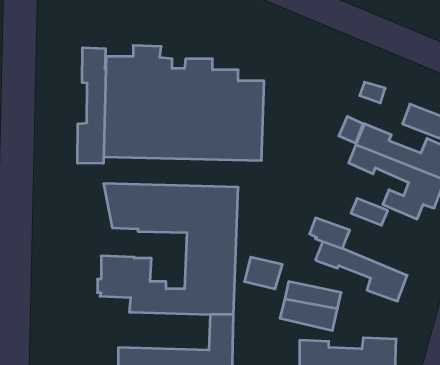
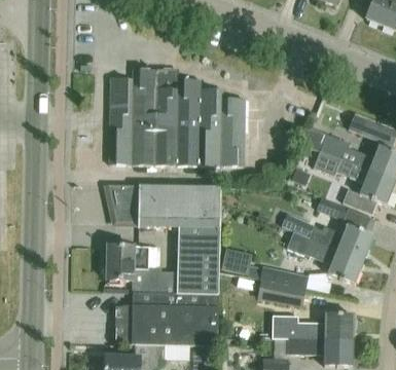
building: [78,48,106,163] -> none
building: none -> [310,226,373,261]
building: none -> [121,292,199,324]

